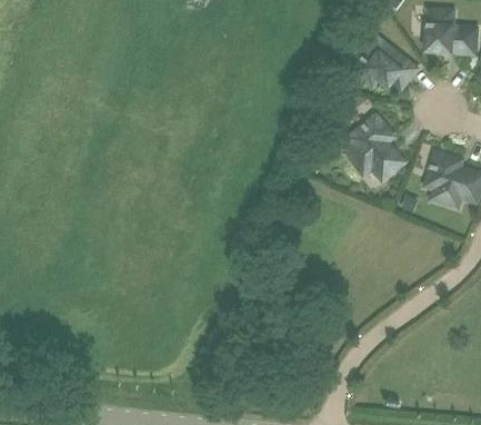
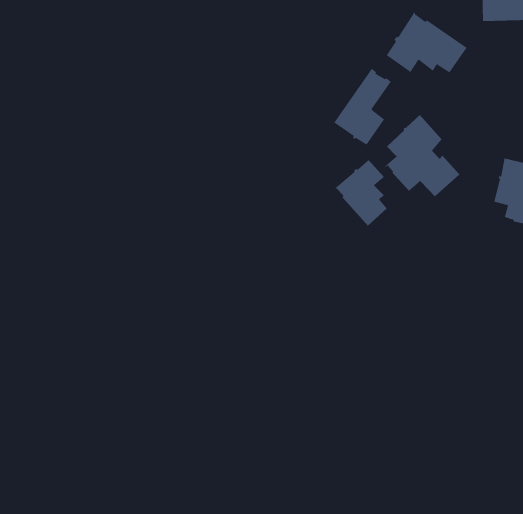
building: none -> [333,68,391,145]
building: none -> [334,159,387,226]

